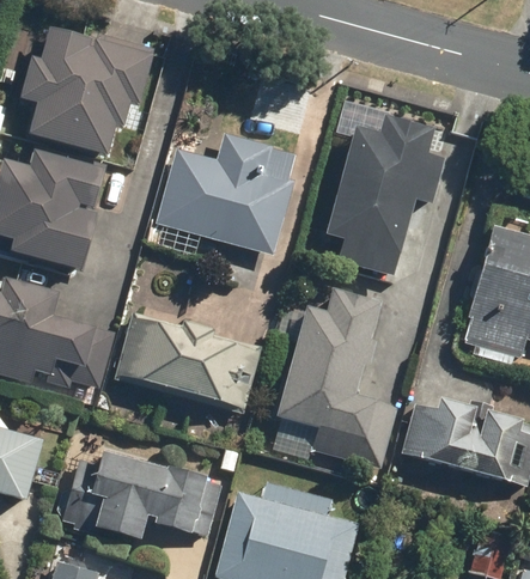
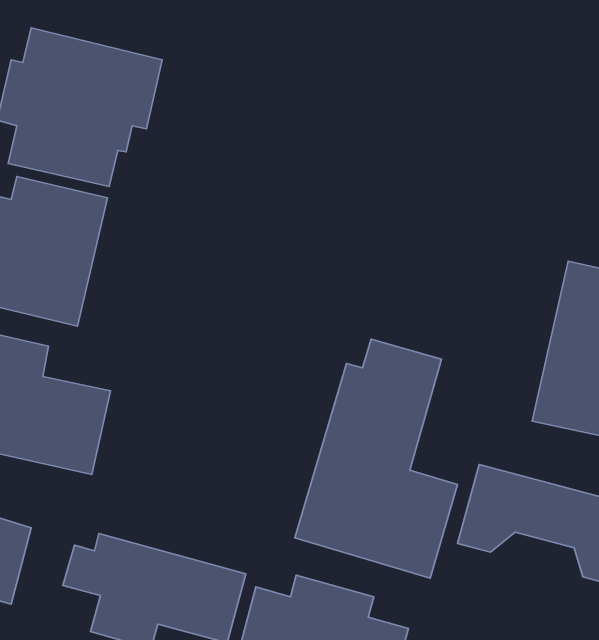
building: [323,100,453,278] -> none
building: [153,130,300,257] -> none
building: [110,309,260,419] -> none

